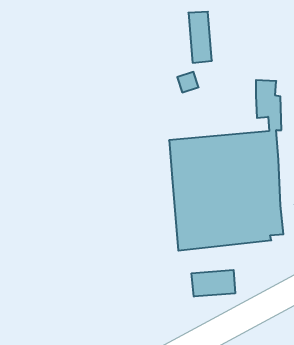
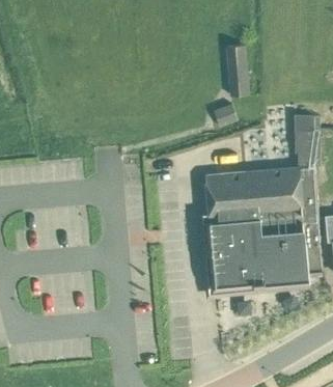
building: [192,270,235,297] -> none

